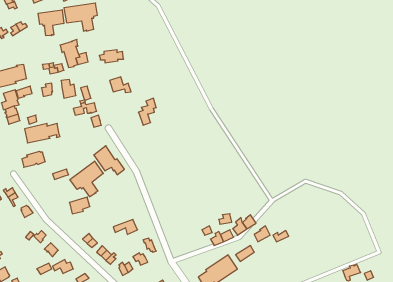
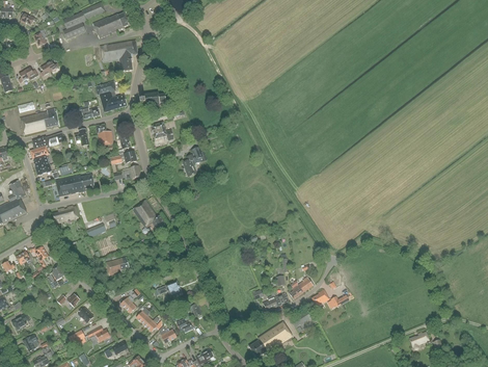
building: [38,10,64,36] -> none
building: [70,161,103,197] -> none

